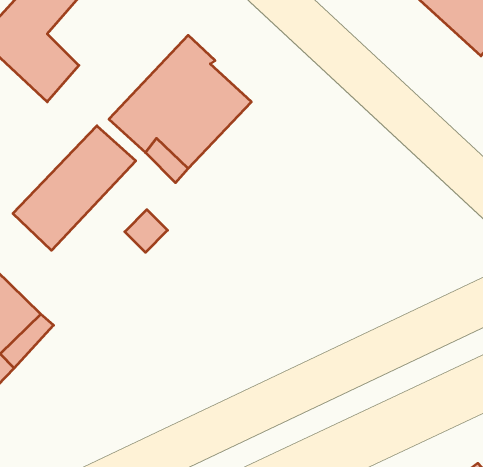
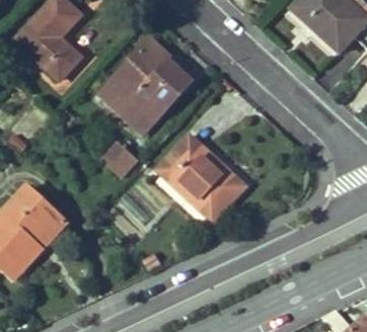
building: [13,126,136,250] -> none
building: none -> [156,135,242,219]

